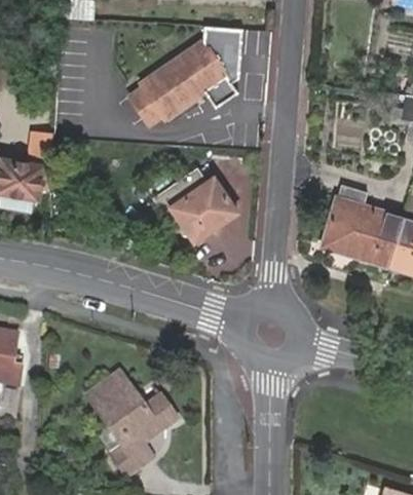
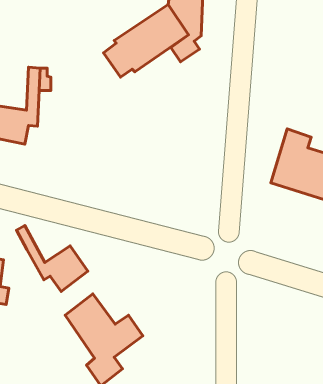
building: [155,168,238,240] -> none
building: none -> [16,226,88,291]

